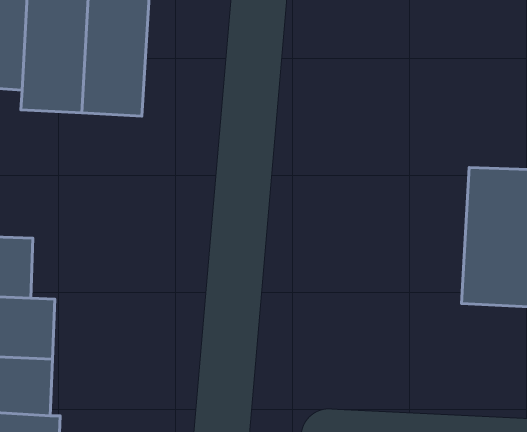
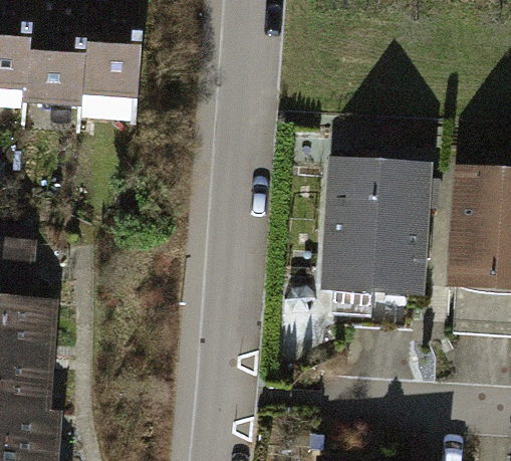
building: none -> [317,159,428,305]

